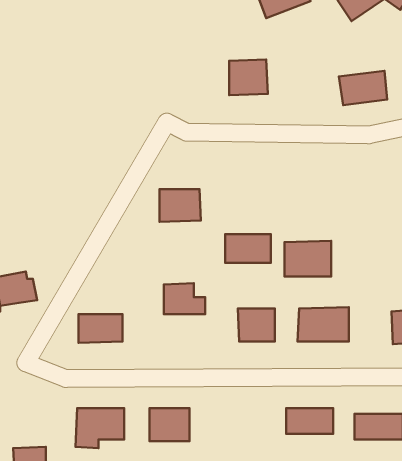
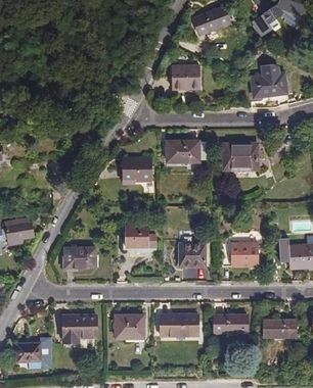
building: [225,234,271,263] -> [167,141,199,161]
building: [284,241,331,276] -> [224,143,258,168]
building: none -> [161,312,198,336]

